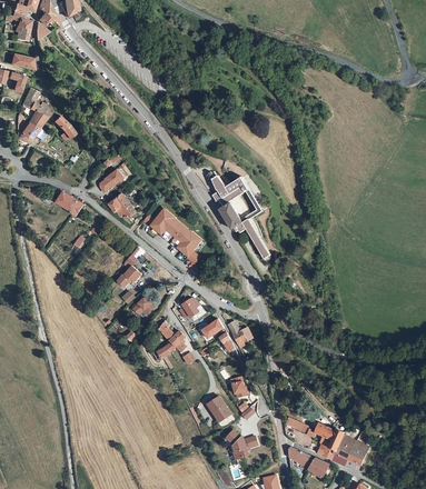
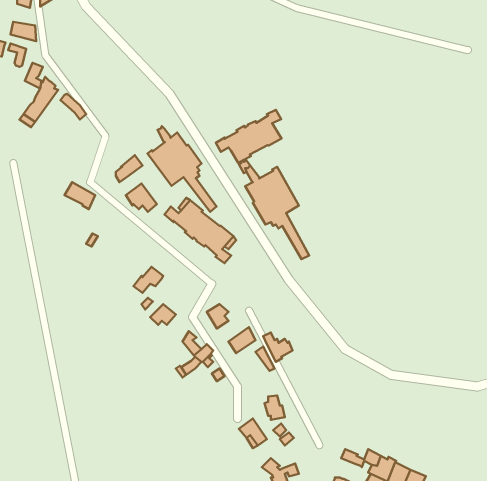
building: none -> [216,110,282,163]
building: none -> [147,126,217,212]

